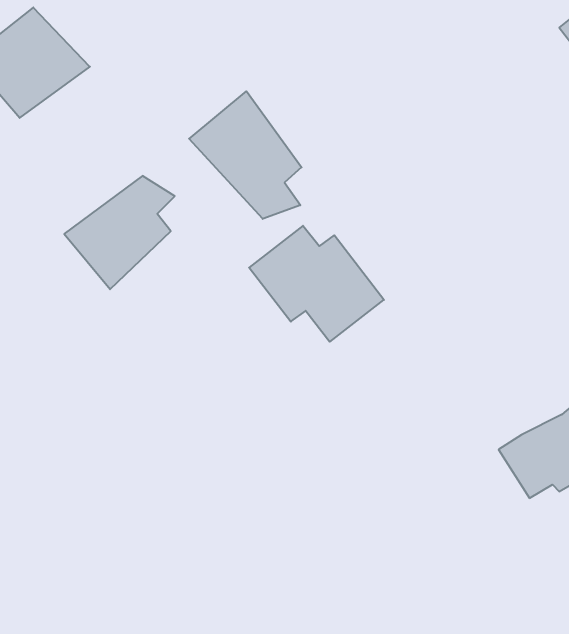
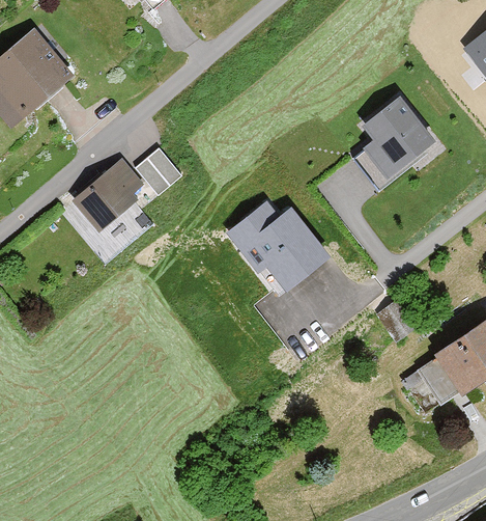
building: none -> [351,86,450,188]
building: [189,91,302,219] -> none

